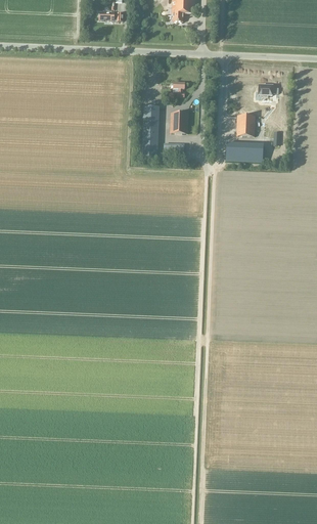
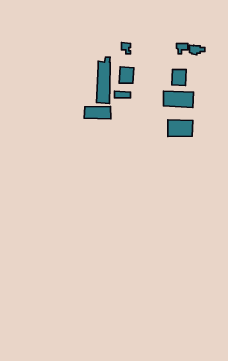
building: none -> [84,107,111,119]
building: none -> [168,120,193,137]

